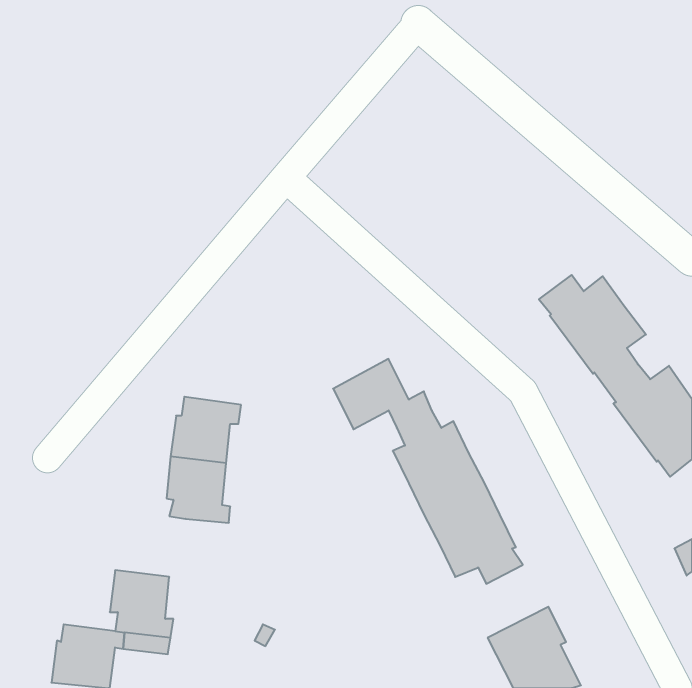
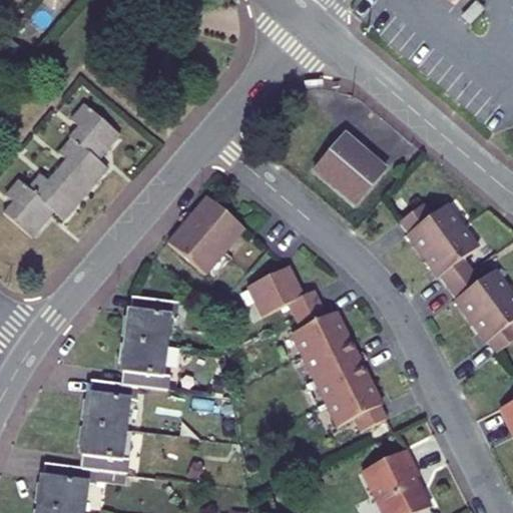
building: none -> [5,103,119,236]
building: none -> [316,132,386,202]
building: none -> [163,195,243,278]
building: none -> [85,378,137,427]

